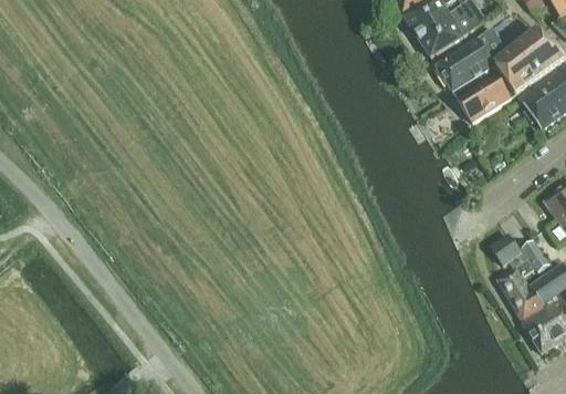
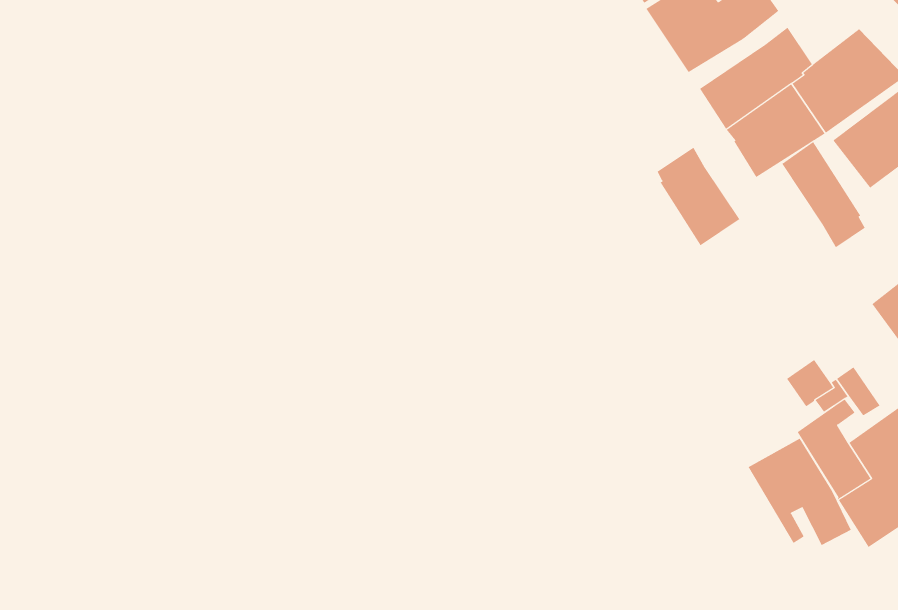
building: none -> [781,141,865,248]
building: none -> [657,147,740,246]
building: none -> [748,438,852,546]

